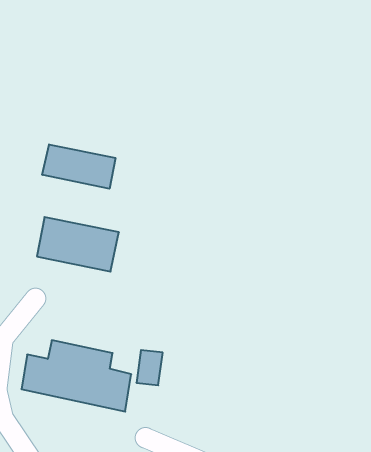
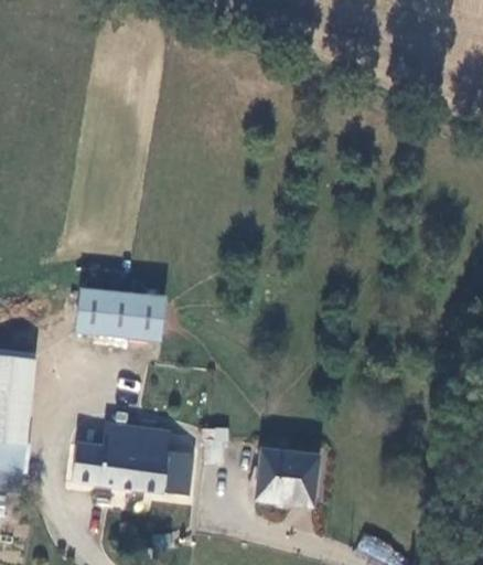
building: [42,144,115,189] -> none
building: none -> [256,451,315,509]

